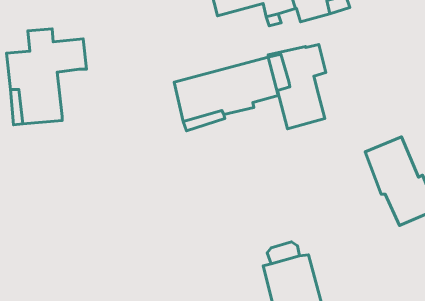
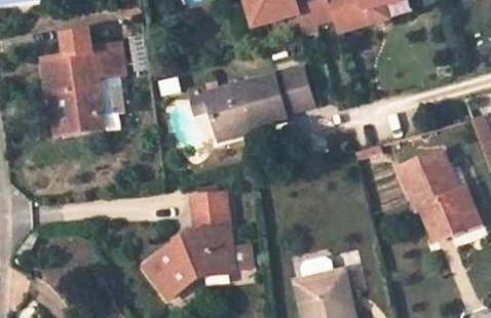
building: [268,45,326,129] -> none
building: none -> [88,78,117,126]
building: none -> [149,187,235,294]

